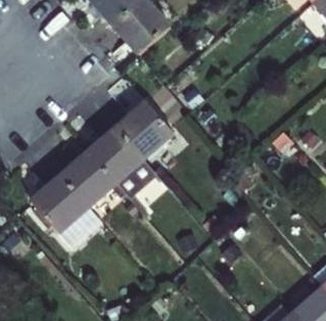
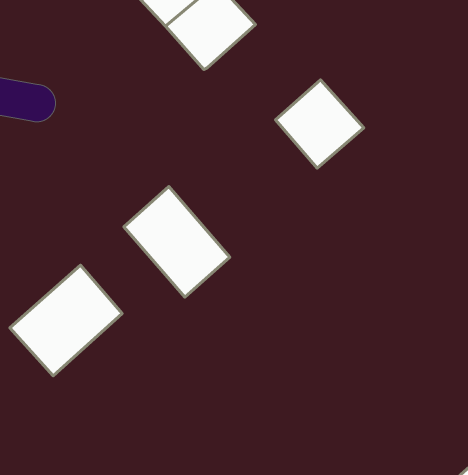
building: [112,101,169,157] -> [275,80,364,168]
building: [56,152,110,208] -> none

